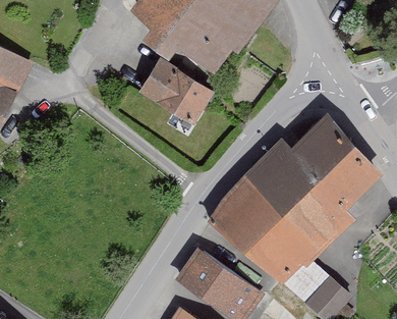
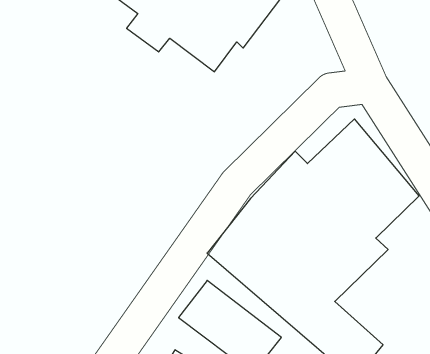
building: [136,58,212,125] -> none

